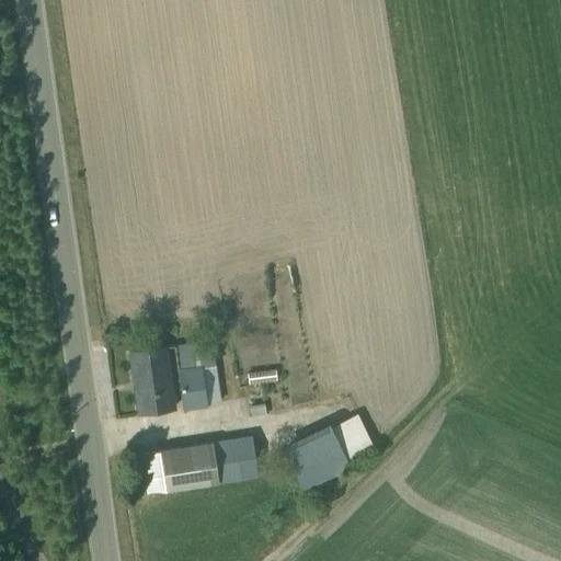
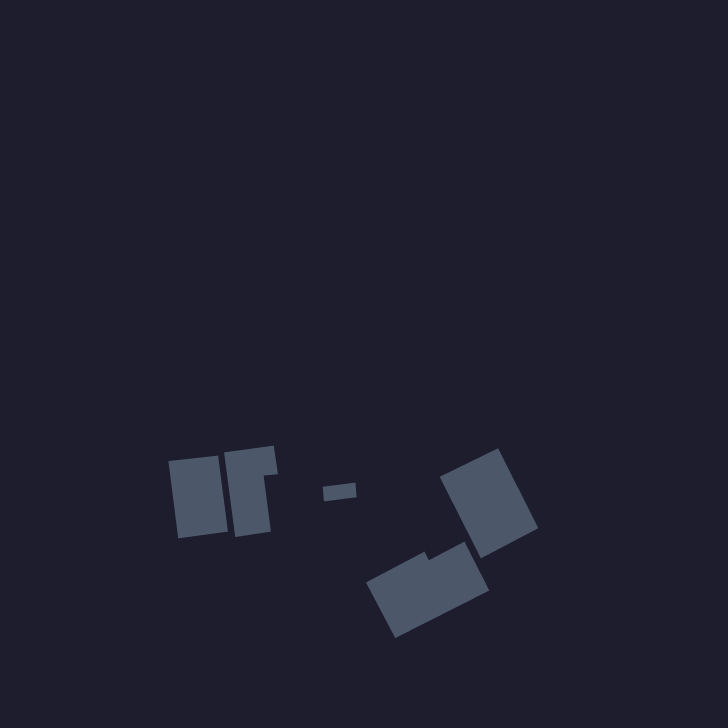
building: none -> [439,447,539,559]
building: [139,437,260,493] -> none

